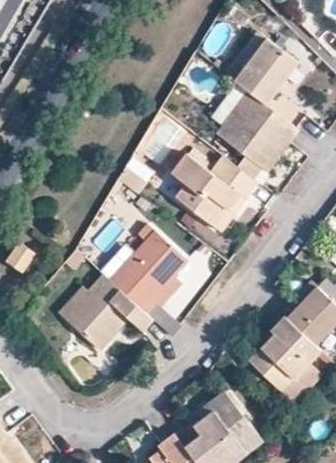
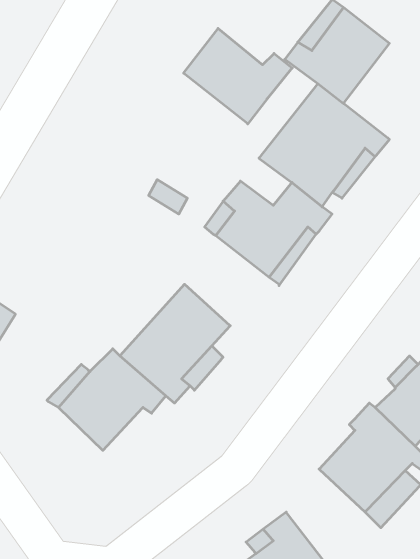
building: none -> [184,28,292,124]

